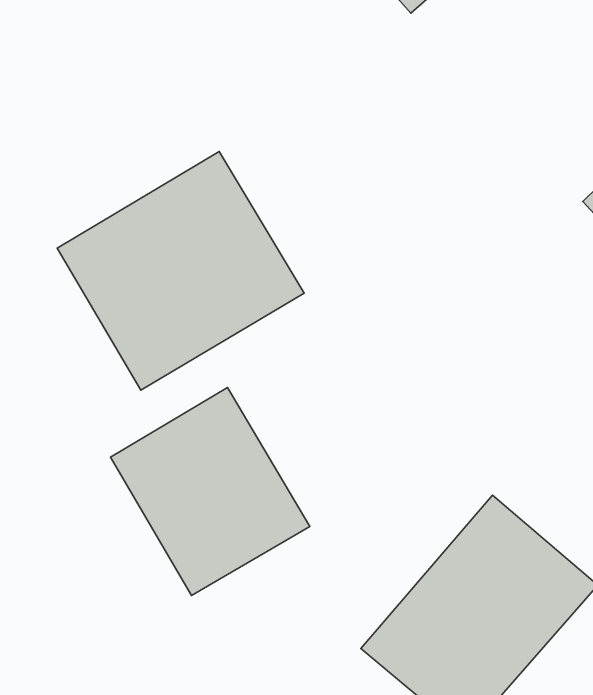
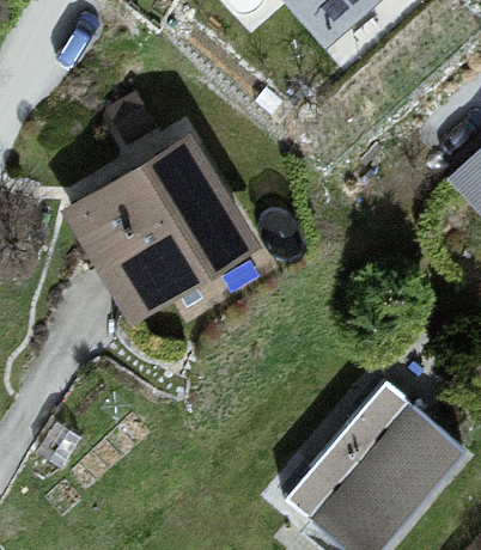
building: [111,387,310,595] -> none

